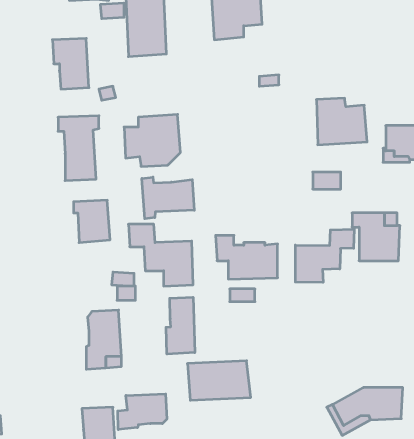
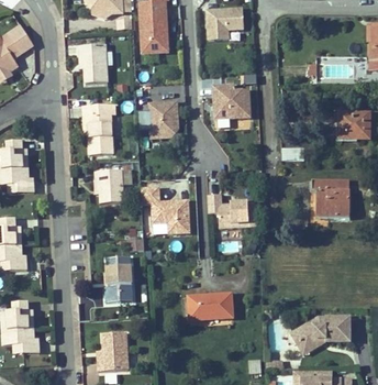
building: [316,98,367,145] -> [210,86,249,122]
building: [142,177,194,219] -> none
building: [295,229,354,282] -> none
building: [166,297,195,354] -> none
building: [118,394,167,430] -> none

